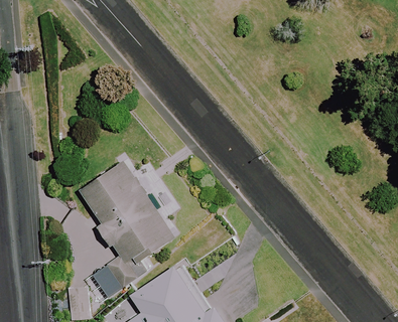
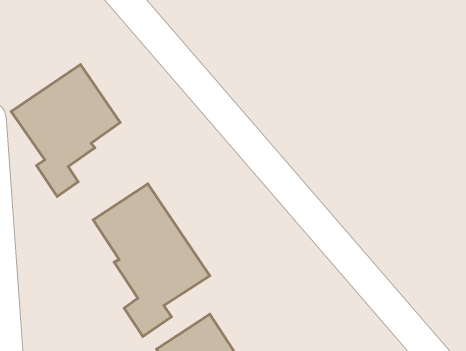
building: none -> [11,65,120,197]

